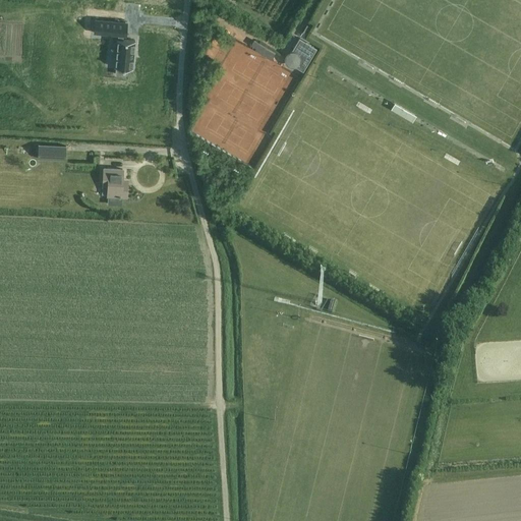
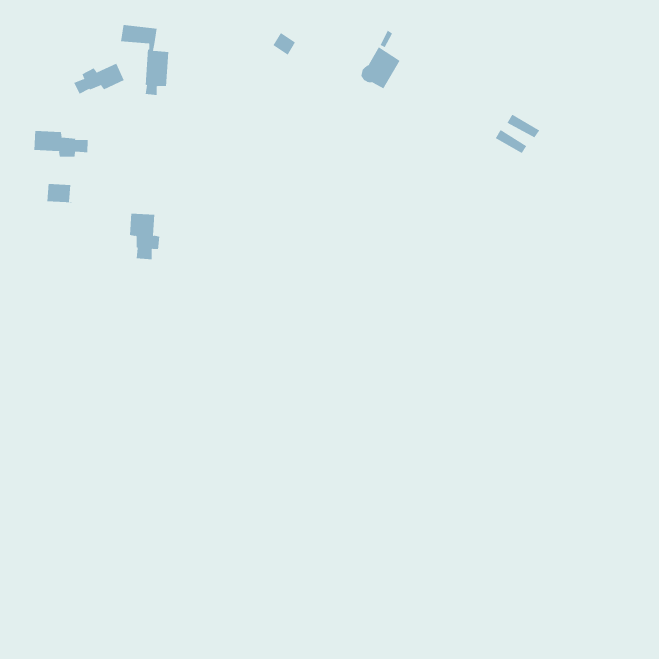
building: none -> [74,63,125,95]
building: none -> [34,130,88,157]

